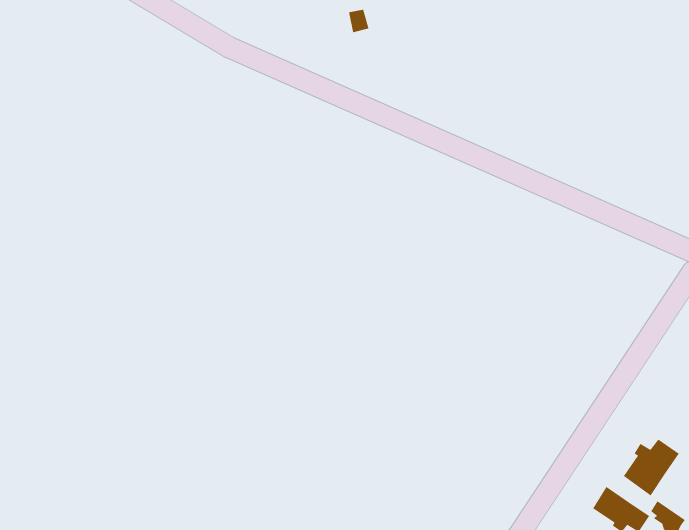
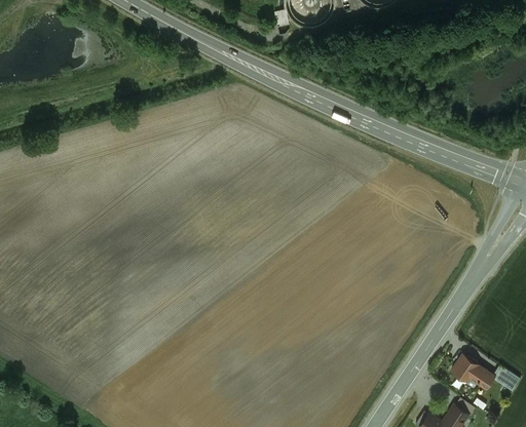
building: [623,439,680,496] -> none

